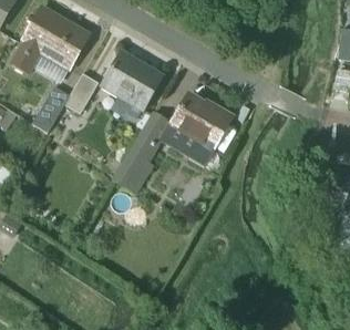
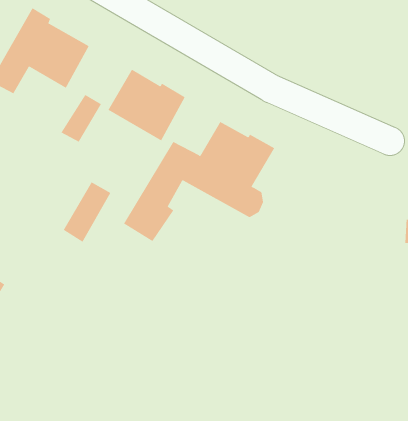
building: [31,85,69,133] -> [63,181,111,242]

